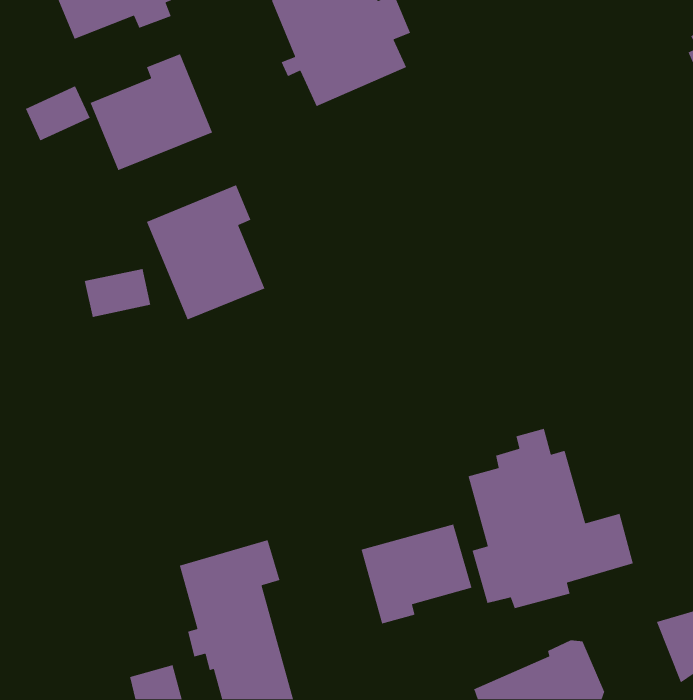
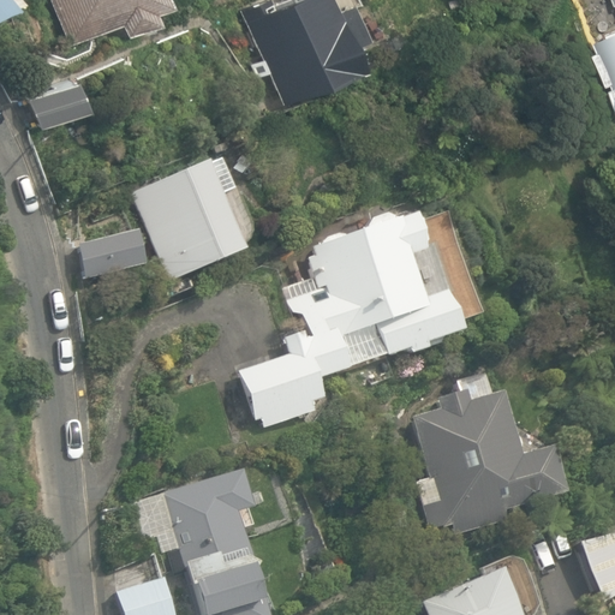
building: [89,53,213,171] -> none
building: none -> [243,214,458,426]
building: [360,524,472,624] -> none

